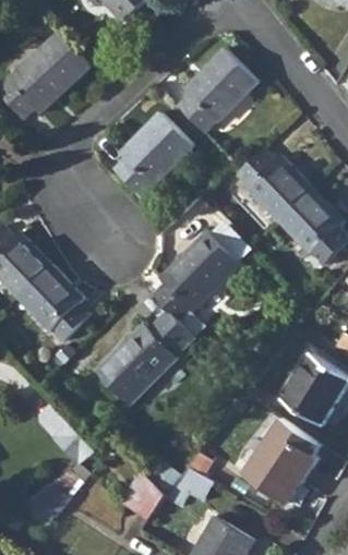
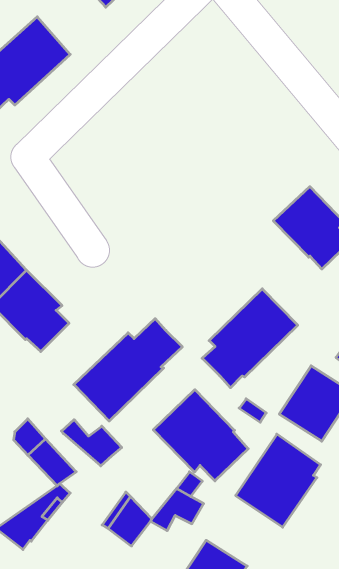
building: [178,48,257,133] -> none
building: [113,112,194,196] -> none
building: [237,148,312,220] -> none
building: [153,230,241,322] -> [202,289,298,388]
building: none -> [153,390,248,481]
building: none -> [61,420,122,466]

